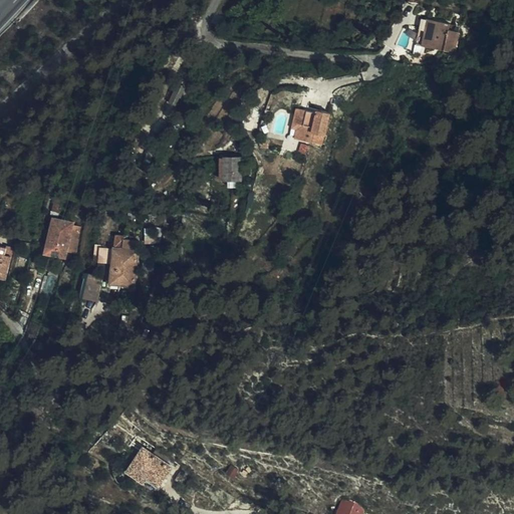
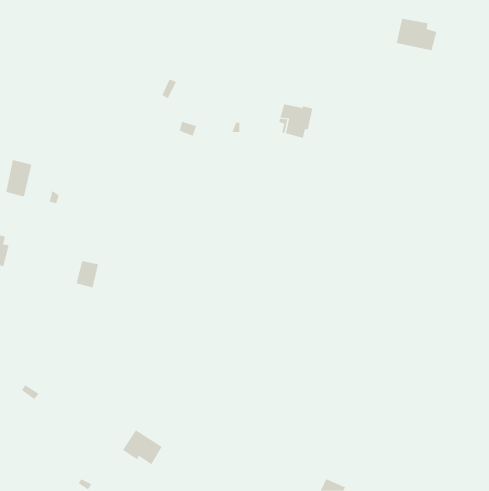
building: [223,159,241,180] -> none
building: [44,219,72,258] -> [5,160,32,197]
building: [109,236,137,286] -> none

